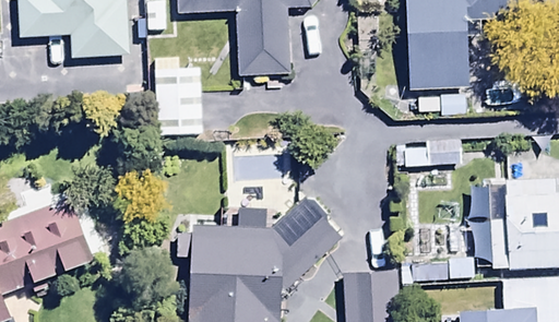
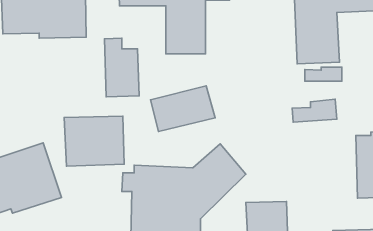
building: none -> [151,86,215,132]
building: none -> [64,116,124,166]

